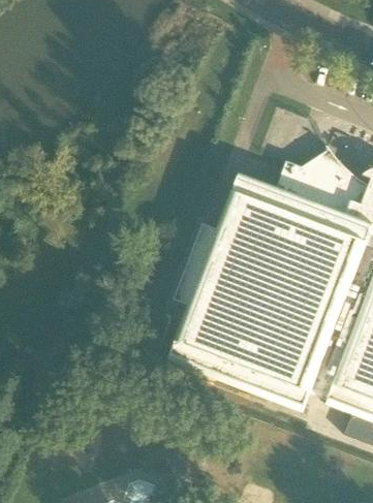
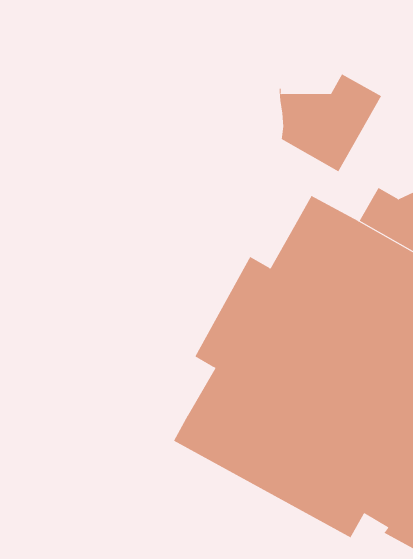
building: none -> [279,73,382,172]

